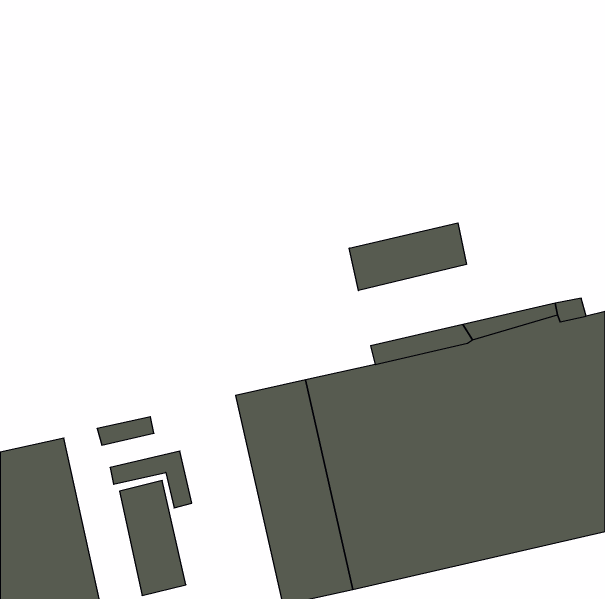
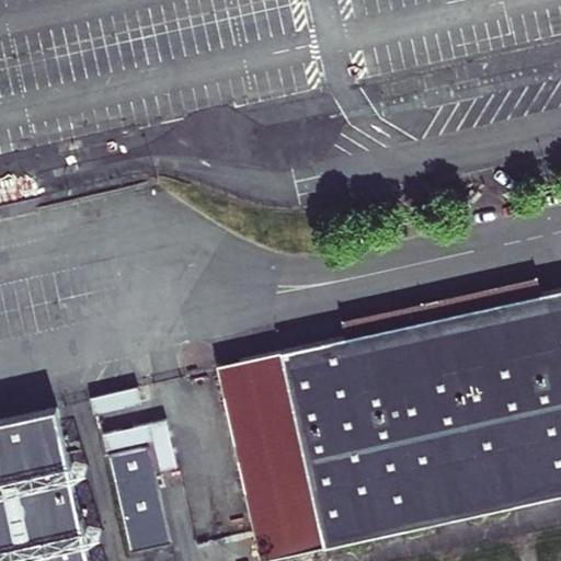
building: [349,223,466,291] -> none

